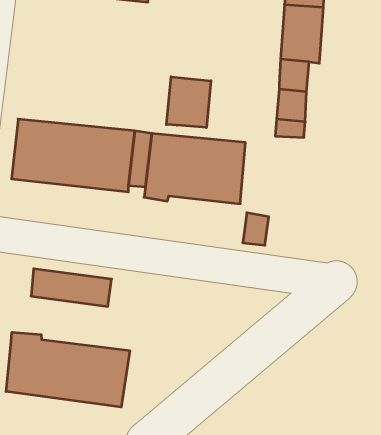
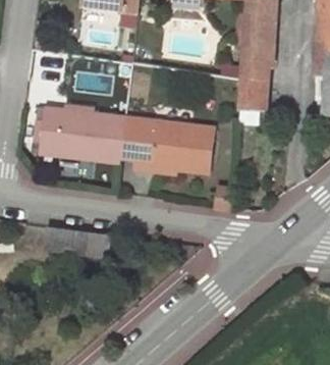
building: [166,77,211,128] -> none
building: [6,332,130,407] -> none

